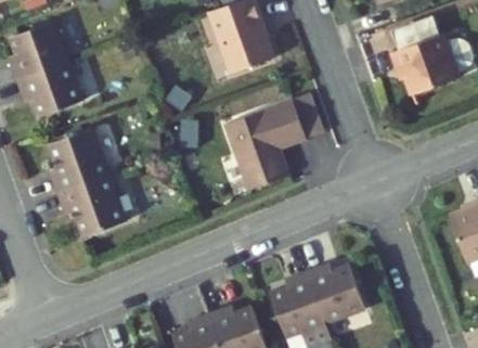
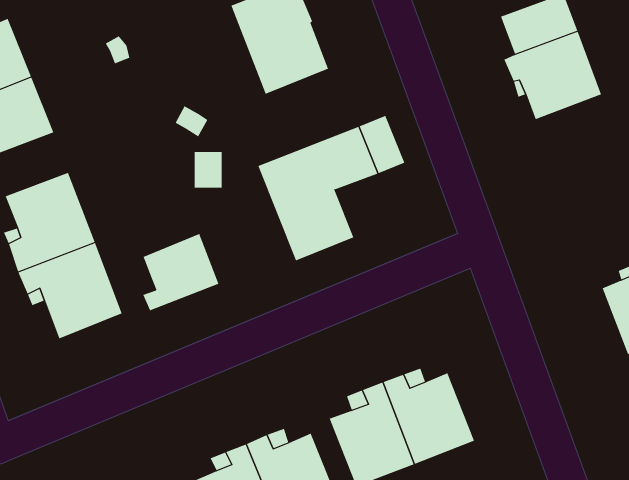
building: none -> [142,233,219,311]

